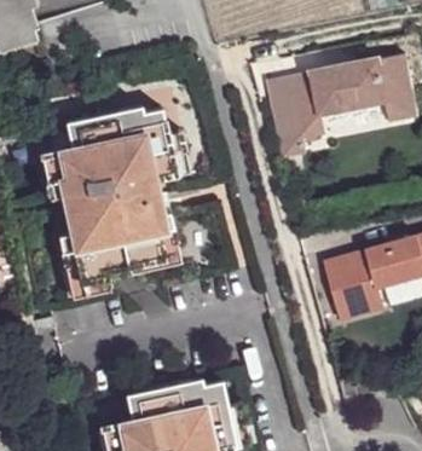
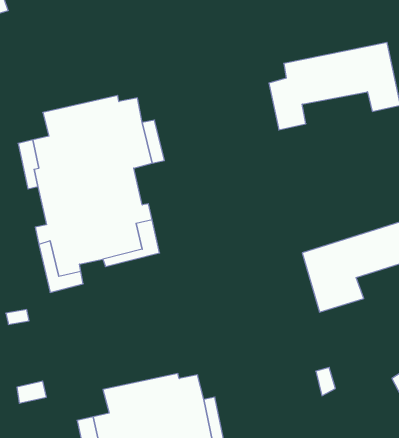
building: [270,76,308,160] -> none

